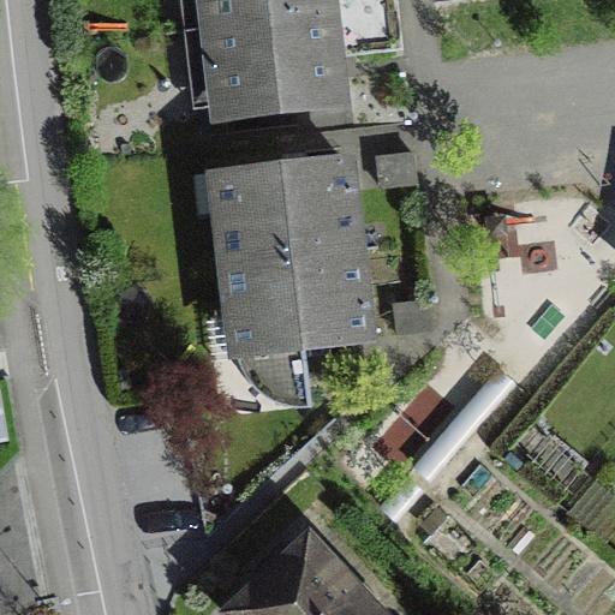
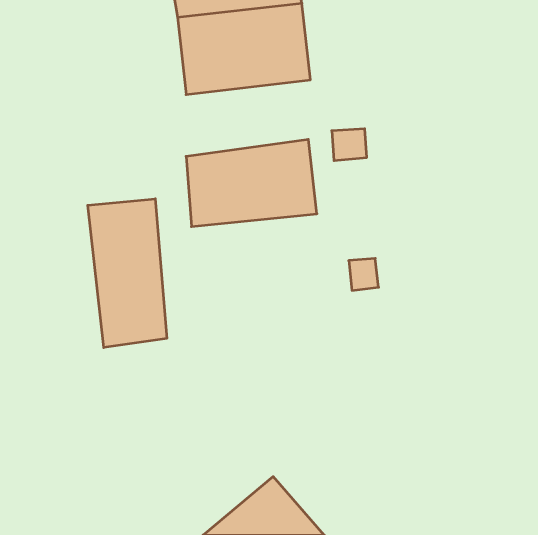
building: none -> [88,199,167,348]
building: [216,241,370,404] -> none

